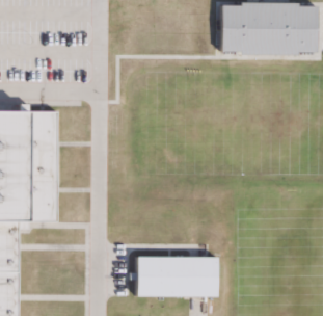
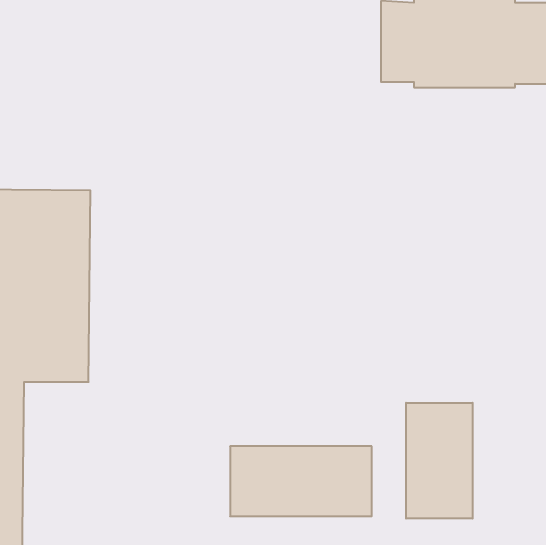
building: none -> [406,403,473,519]

